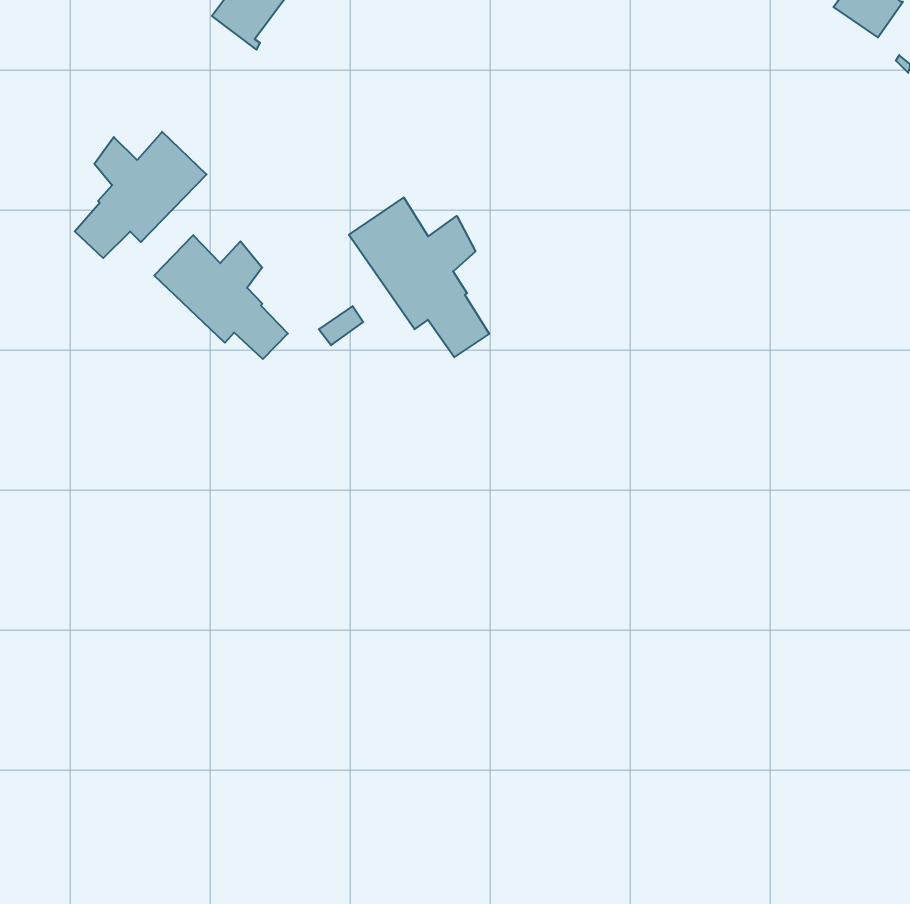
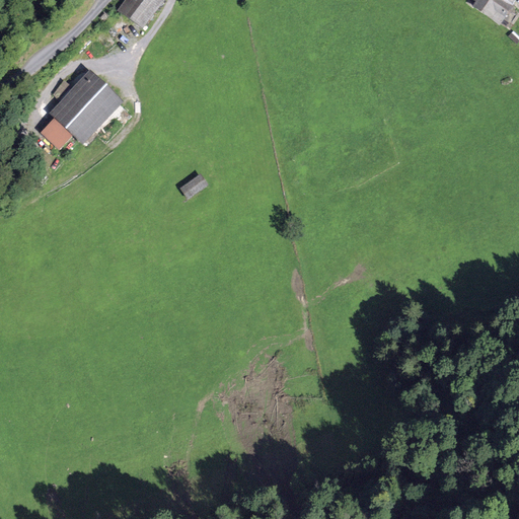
building: [349,197,489,357] -> none
building: [154,235,288,359] -> none

